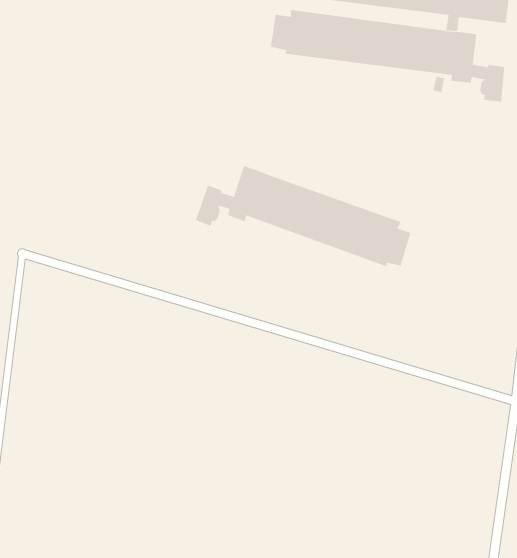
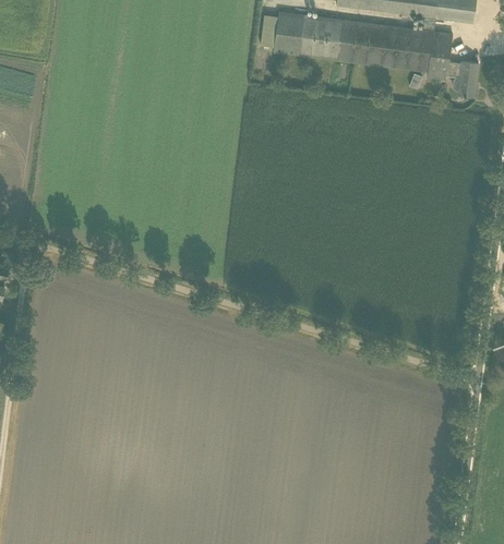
building: [195,165,411,267] -> none

